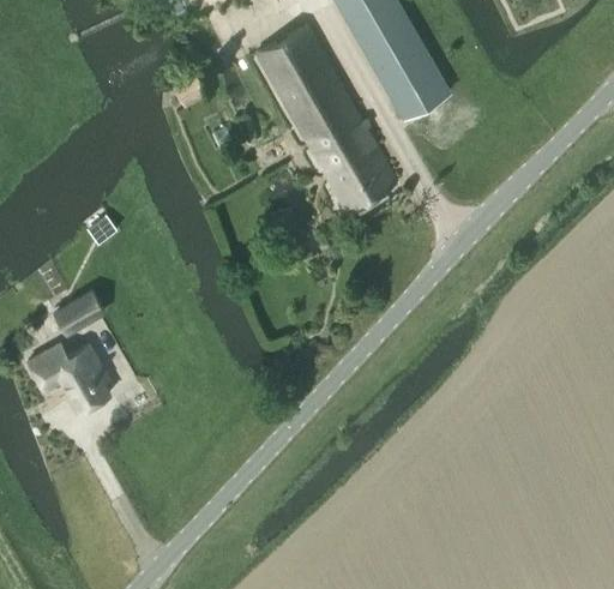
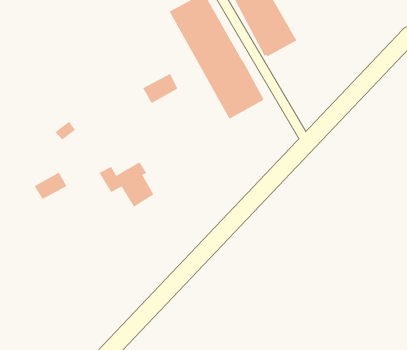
building: none -> [142,73,178,104]
building: [29,344,112,413] -> [99,161,154,207]

